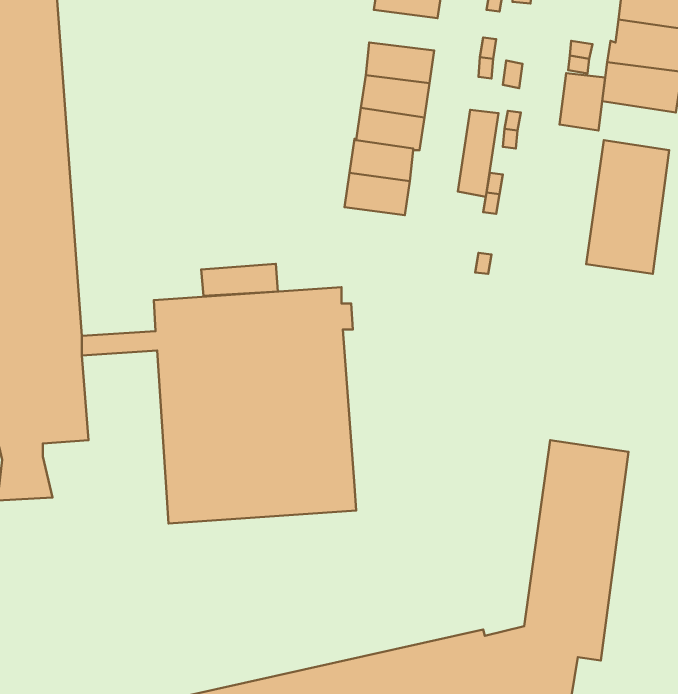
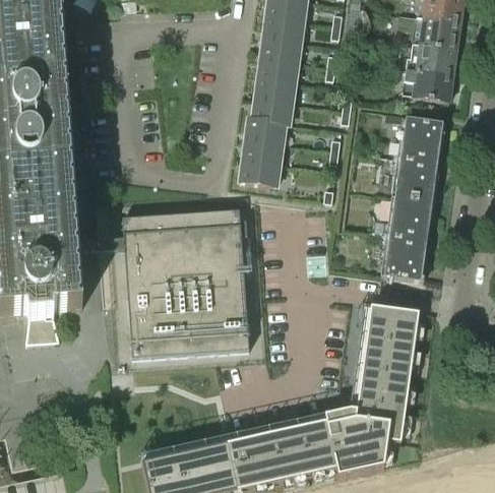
building: none -> [258,36,301,61]
building: [560,73,605,130] -> none
building: [458,110,499,197] -> none
building: none -> [241,159,281,184]
building: [201,264,278,296] -> none
building: none -> [383,194,435,278]

